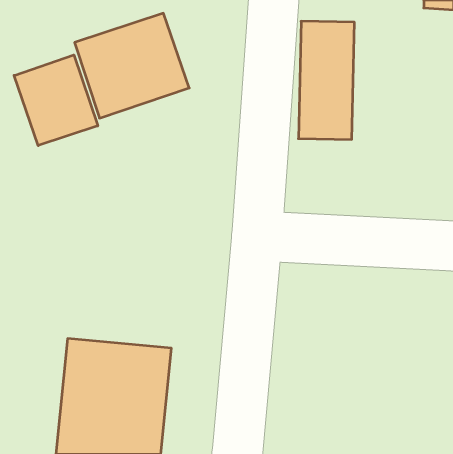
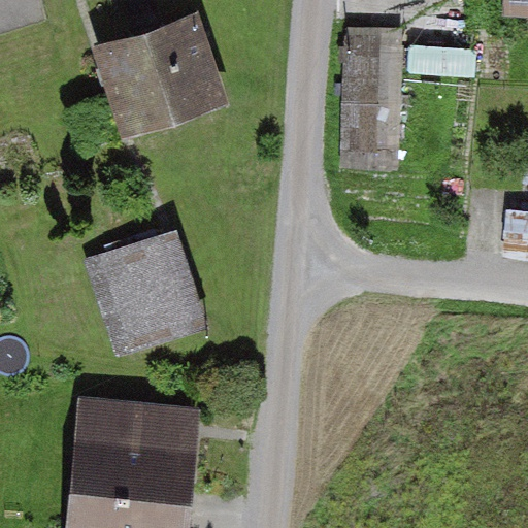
building: [14,55,98,146] -> none
building: none -> [88,233,202,362]

